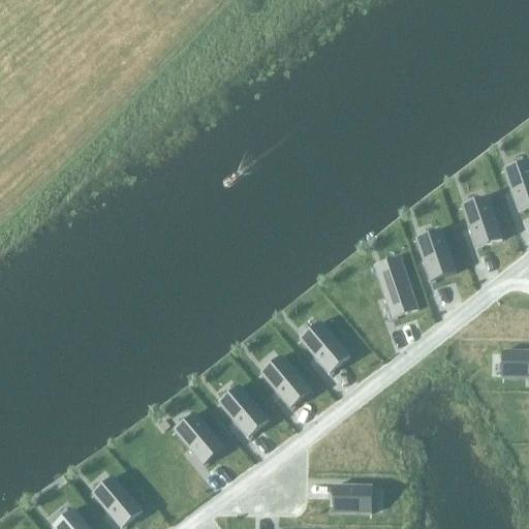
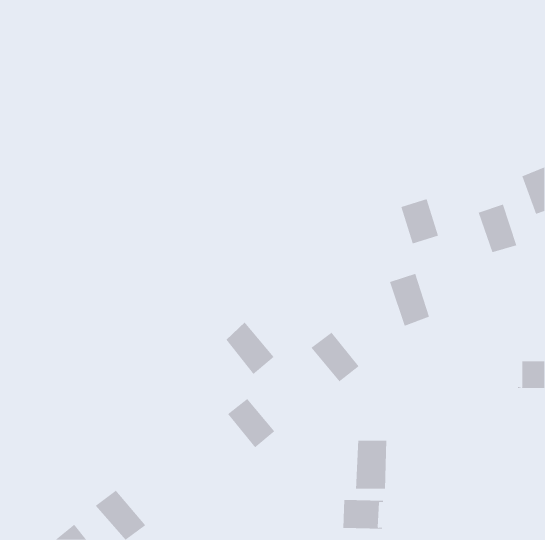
building: [418,235,456,279] -> [401,198,439,244]
building: [262,353,310,405] -> [226,322,275,375]
building: [178,416,222,463] -> none
building: none -> [356,440,387,490]

